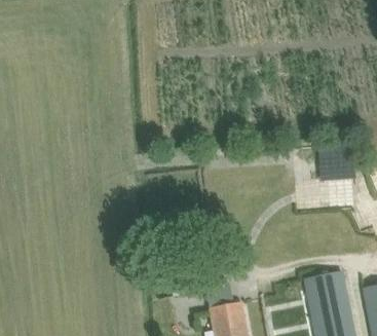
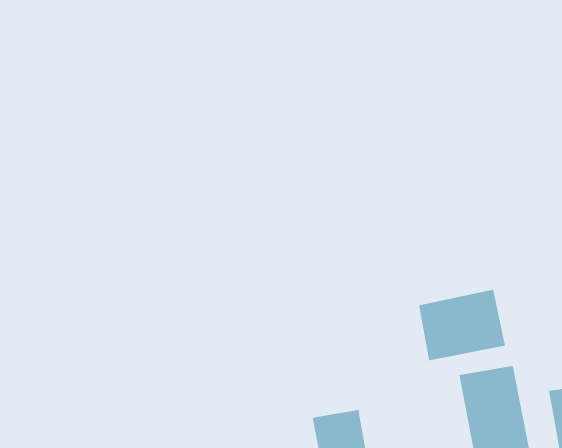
building: none -> [419,289,505,361]

